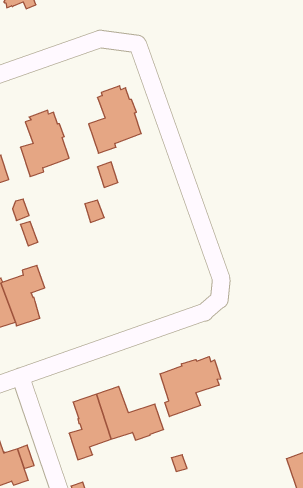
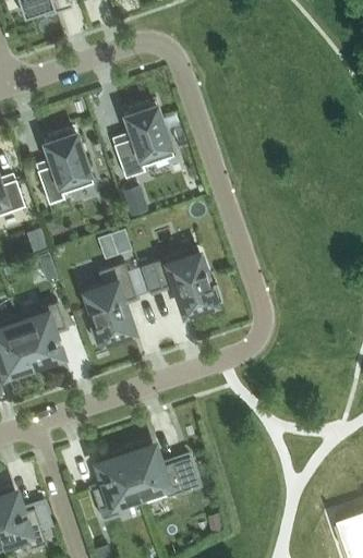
building: none -> [140,247,222,313]
building: none -> [84,263,136,344]
building: [160,357,221,417] -> none

